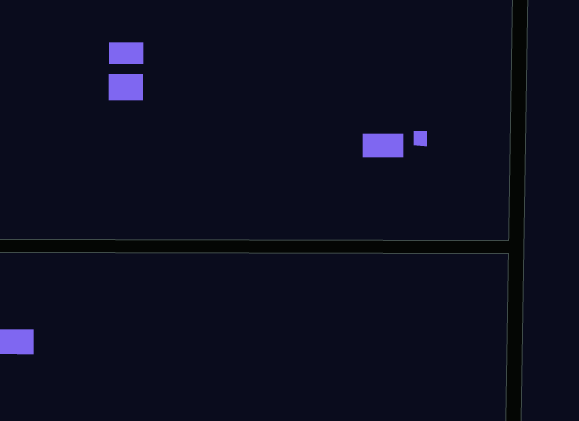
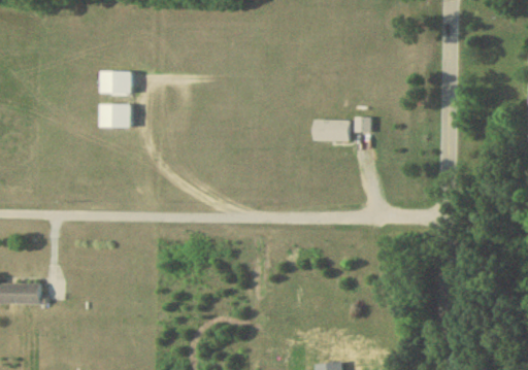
building: [108,41,144,65] -> none
building: none -> [100,104,130,128]

